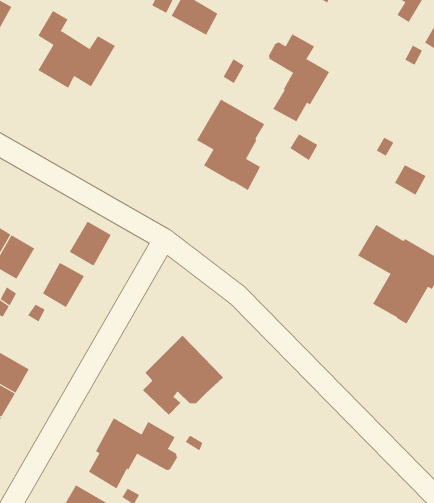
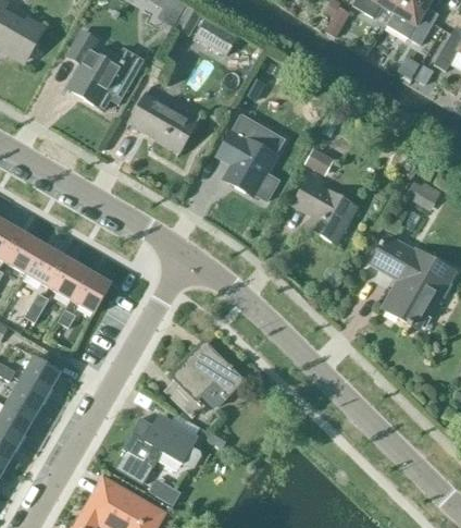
building: [268,33,330,122] -> none
building: none -> [127,91,196,151]
building: none -> [292,173,357,242]
building: [69,221,111,266] -> [48,256,88,298]

